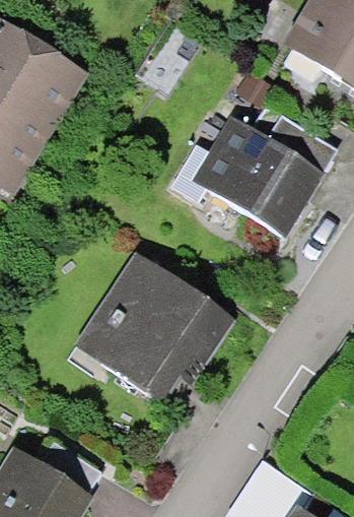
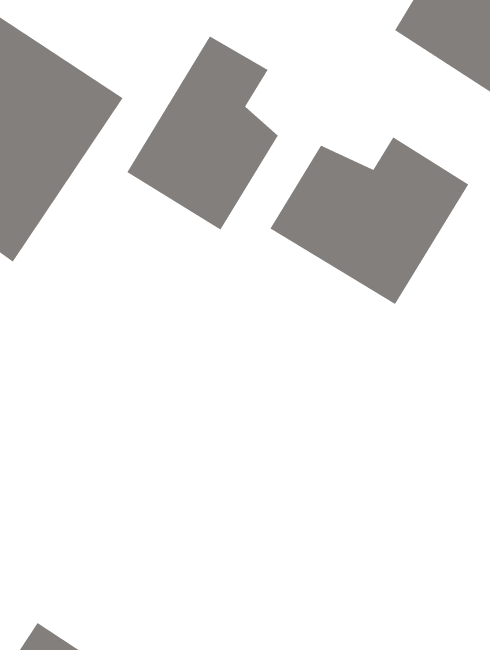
building: none -> [126,35,279,231]
building: [74,253,232,410] -> none

